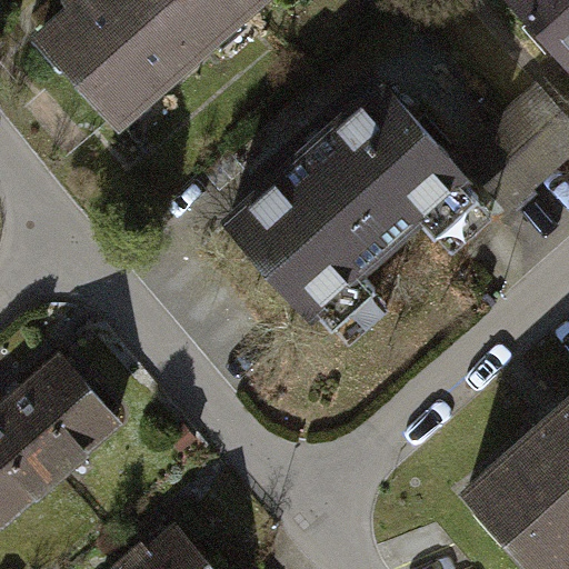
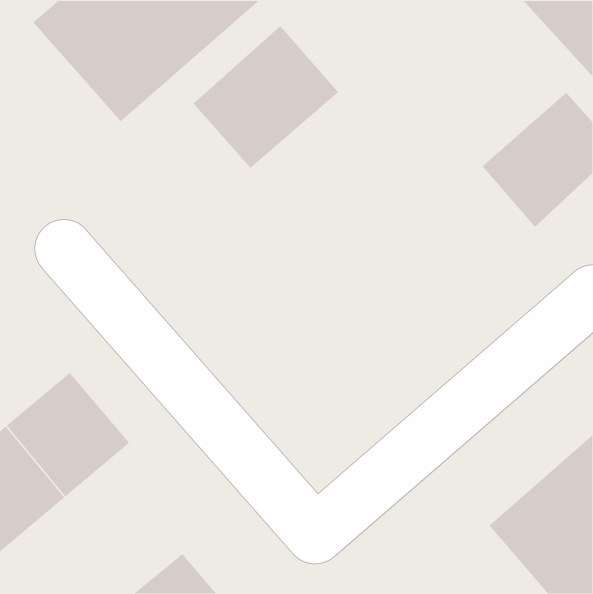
building: none -> [193,25,339,169]
building: [232,97,467,323] -> none

